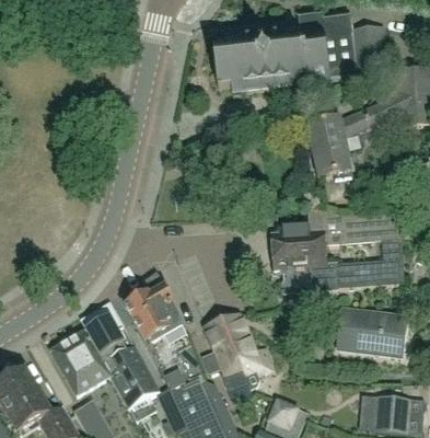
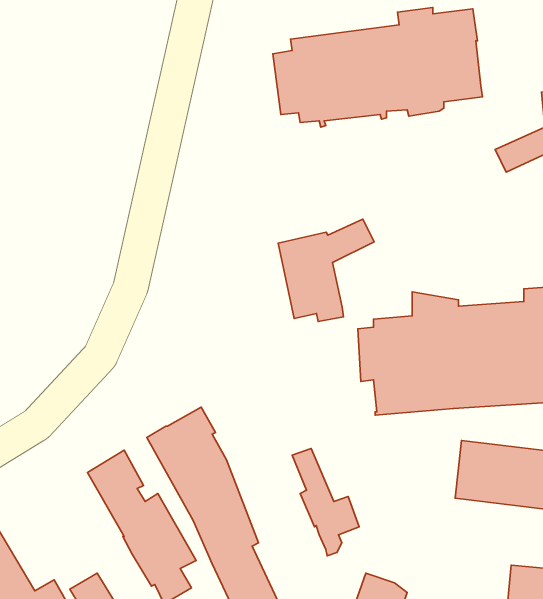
building: [351,24,384,65] -> none
building: [306,108,372,178] -> [278,219,374,322]
building: [201,318,248,389] -> none
building: [50,330,111,393] -> none

